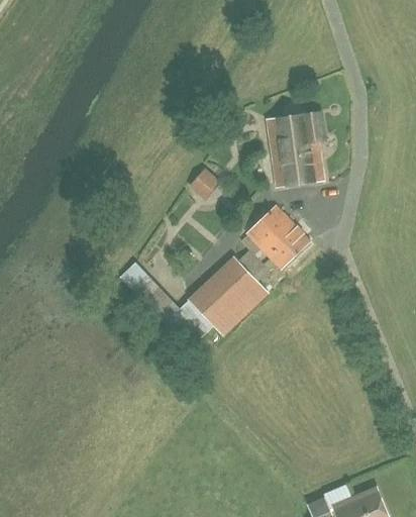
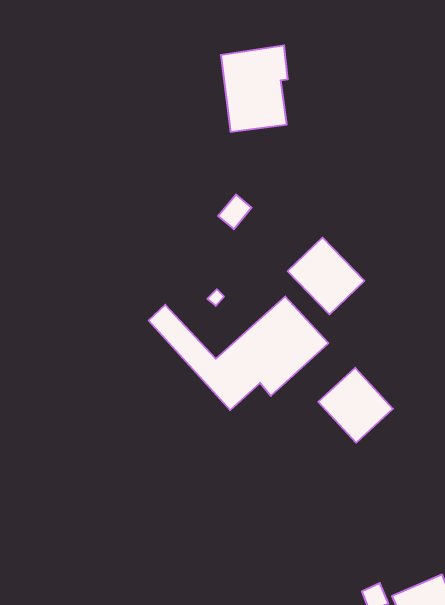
building: [266,113,322,186] -> [221,45,288,132]
building: none -> [318,368,393,443]

